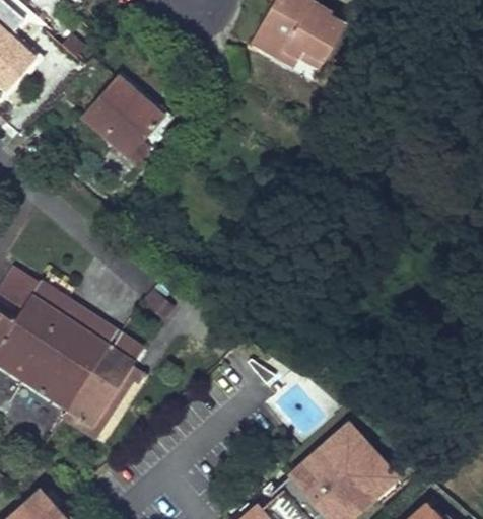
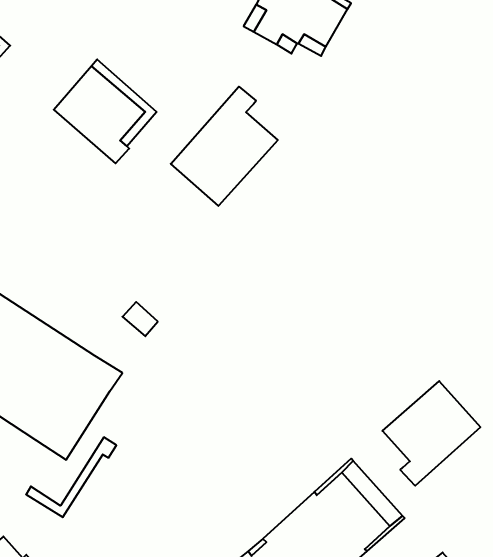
building: none -> [171,87,278,206]
building: none -> [382,381,480,486]
building: [63,365,143,436] -> [26,437,116,517]

